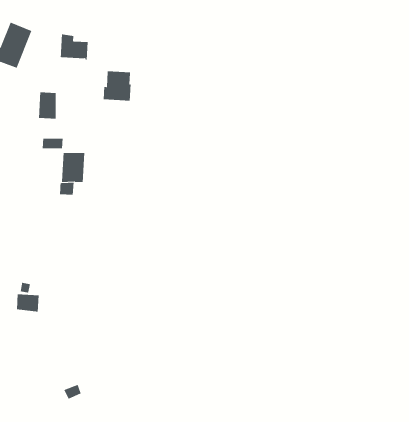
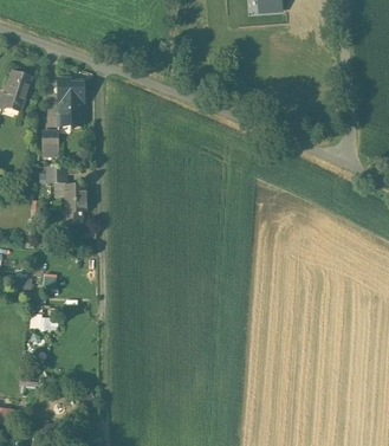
building: [103,71,131,101] -> [57,98,82,124]

